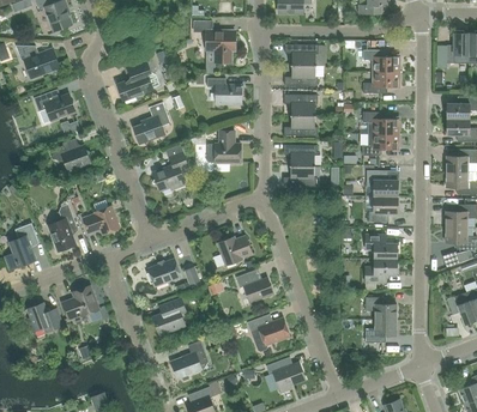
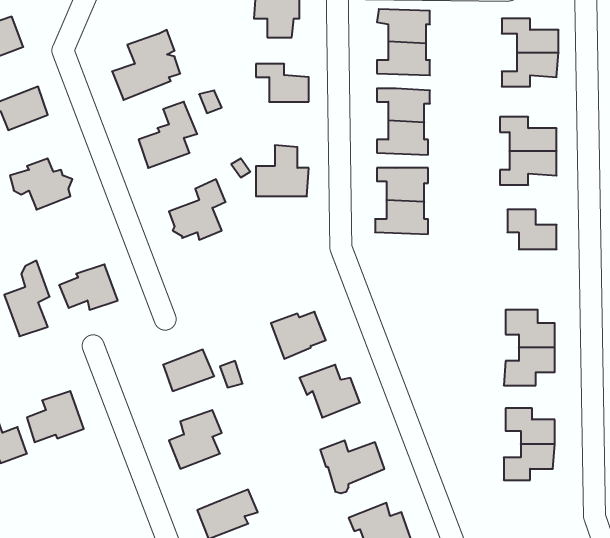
building: [369,195,398,222] -> none

